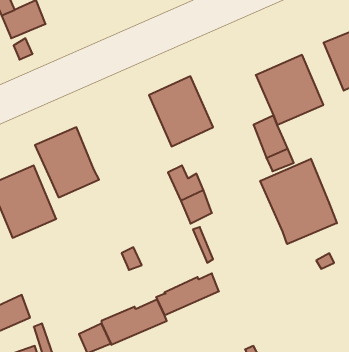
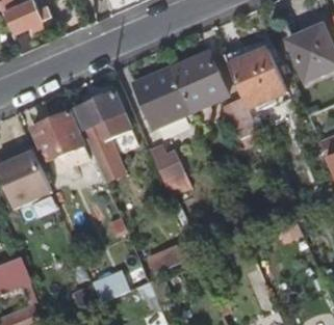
building: none -> [169,51,224,112]
building: none -> [76,93,130,182]
building: [260,159,337,244] -> none

